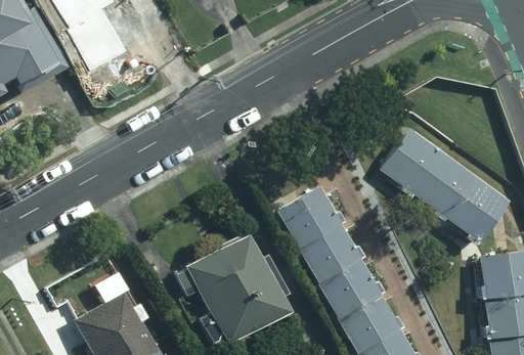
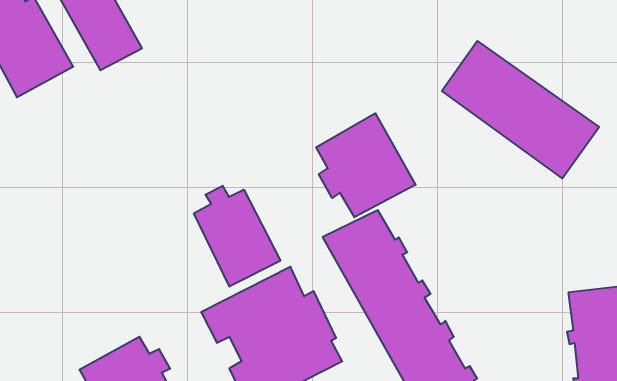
building: none -> [316,113,416,217]
building: [380,128,511,242] -> [442,41,599,178]
building: none -> [194,186,280,287]

